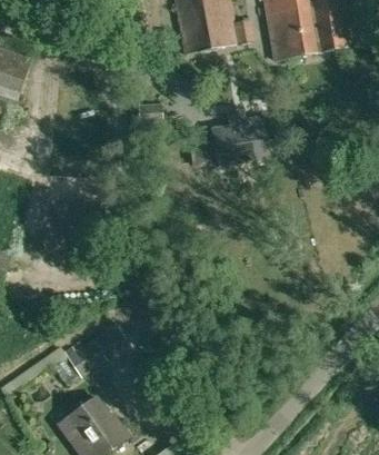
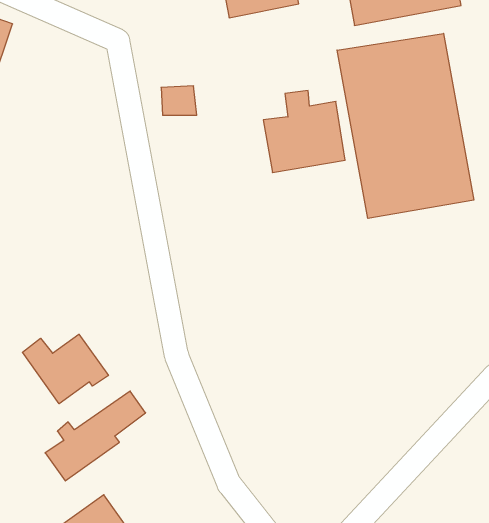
building: none -> [337,33,474,218]
building: none -> [22,334,108,404]

